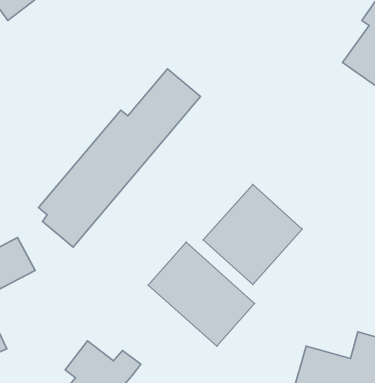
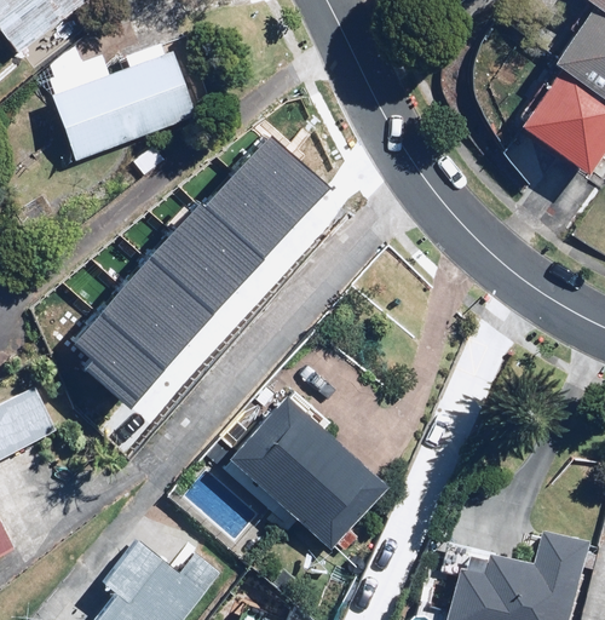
building: none -> [52,46,217,165]
building: [203,185,302,284] -> none

